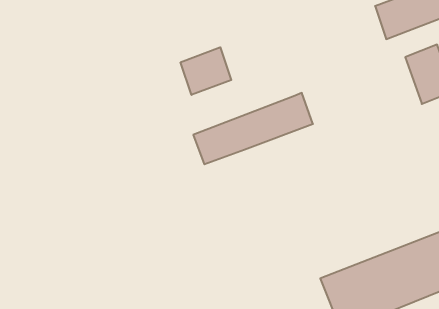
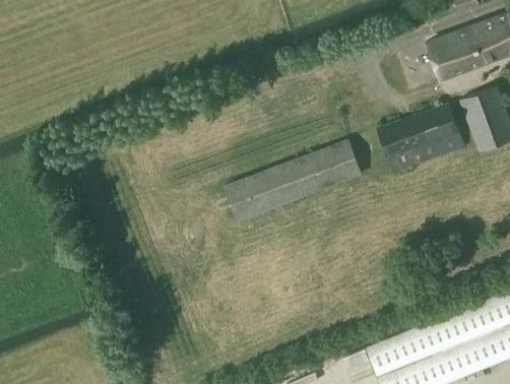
building: [181,47,231,95] -> none
building: none -> [378,104,465,173]

